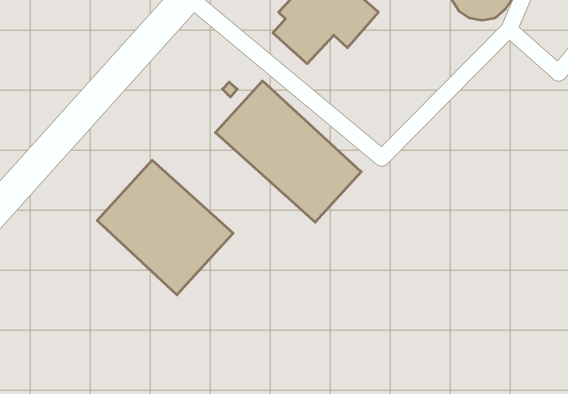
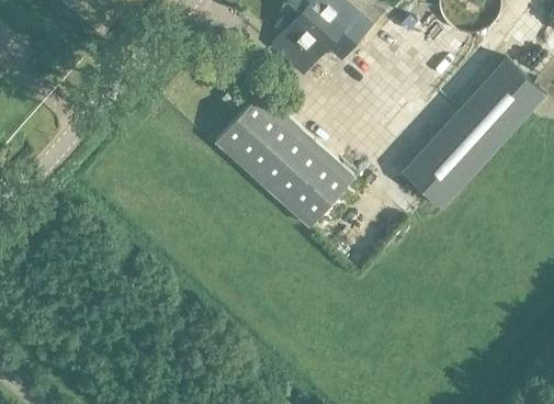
building: none -> [404,57,545,207]
building: [97,160,233,295] -> none

